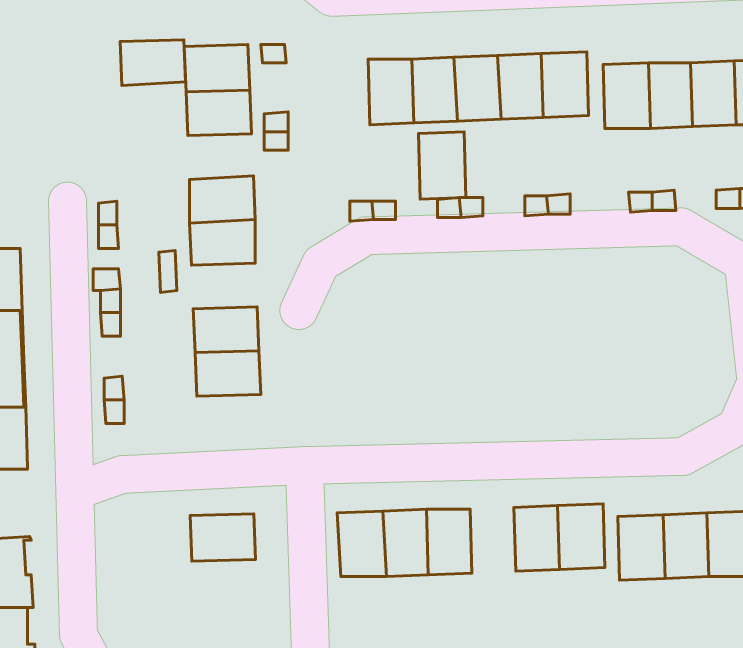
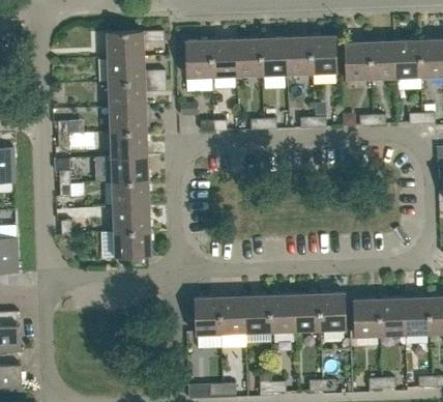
building: [120,40,186,85] -> [109,82,146,108]
building: [419,132,466,199] -> [185,39,212,78]
building: none -> [111,155,148,181]
building: none -> [269,294,295,332]
building: [190,514,256,561] -> [114,230,151,257]

